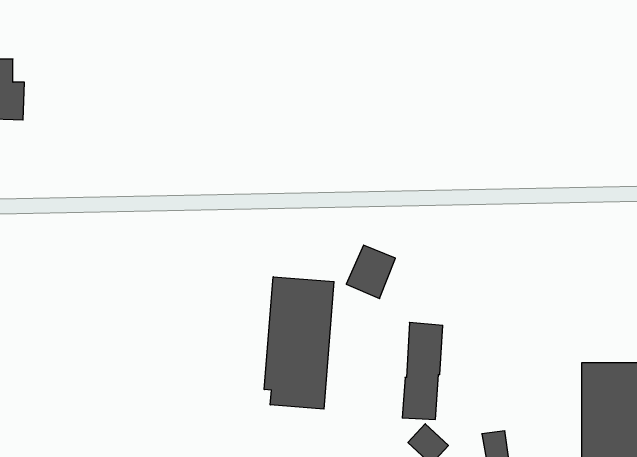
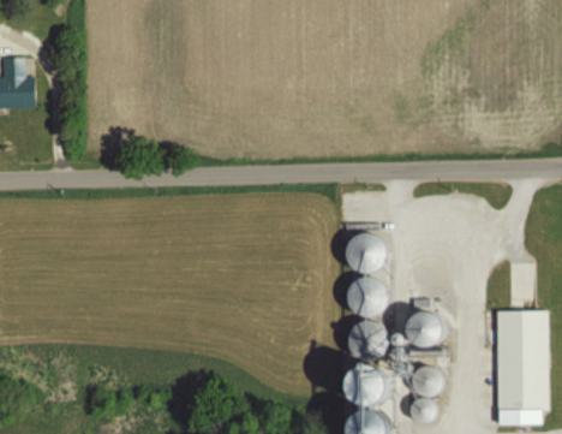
building: [346,245,395,299] -> [342,230,383,274]
building: [264,277,334,409] -> none
building: none -> [407,310,436,345]

